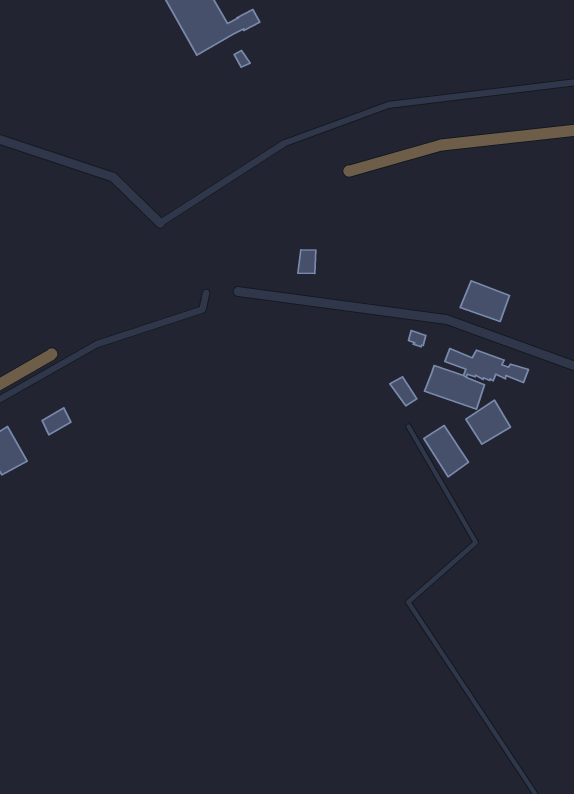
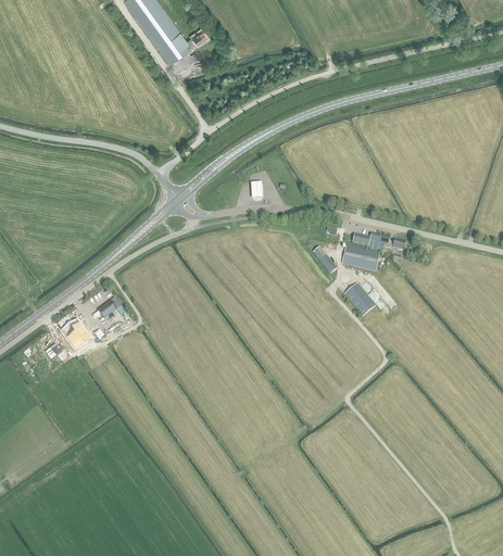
building: [460,281,509,322] -> none
building: [466,400,511,444] -> none

